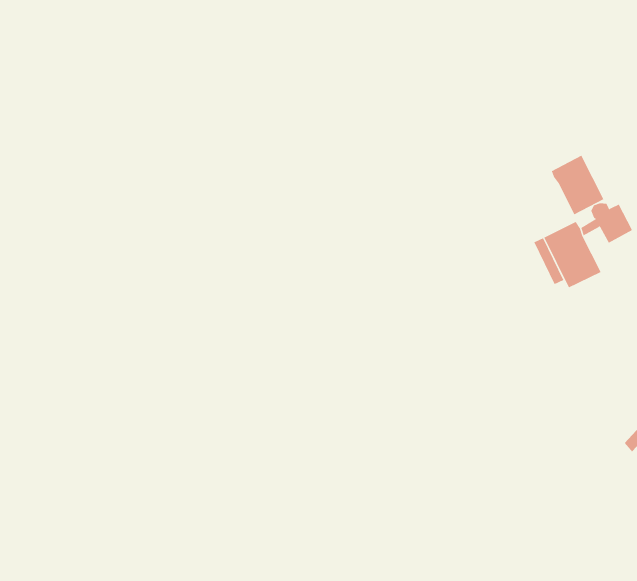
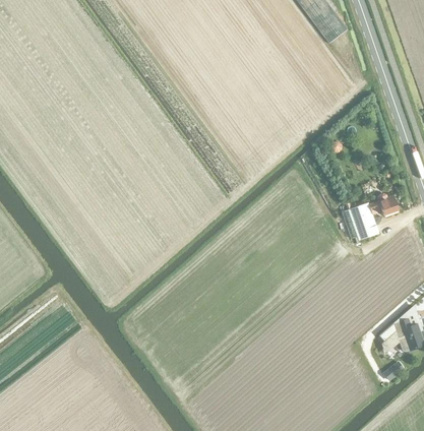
building: [551,155,604,215] -> none

